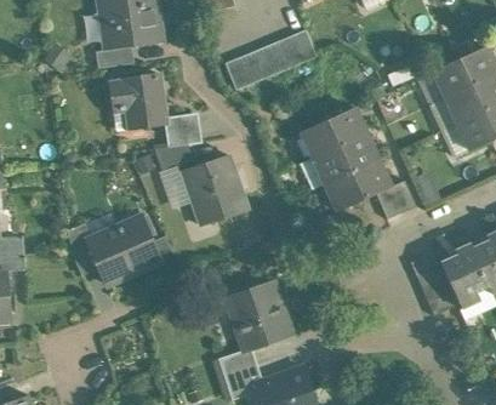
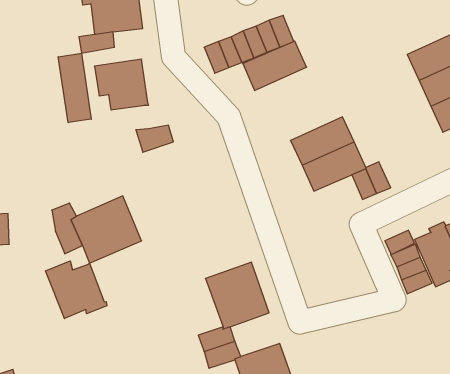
building: none -> [58,53,91,123]
building: [301,108,366,159] -> [243,41,307,91]
building: [164,114,196,147] -> none
building: [181,156,247,227] -> none
building: none -> [45,261,107,319]

